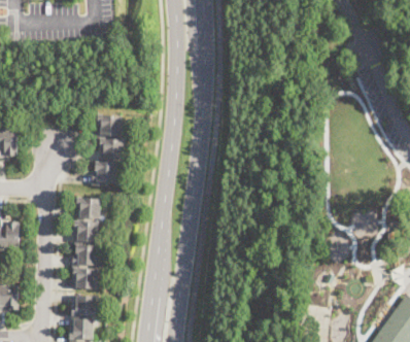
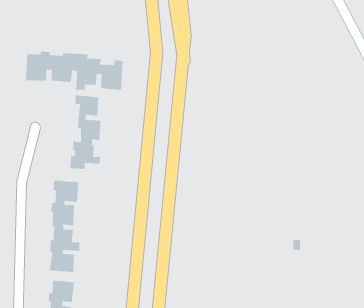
building: none -> [25,50,123,91]

